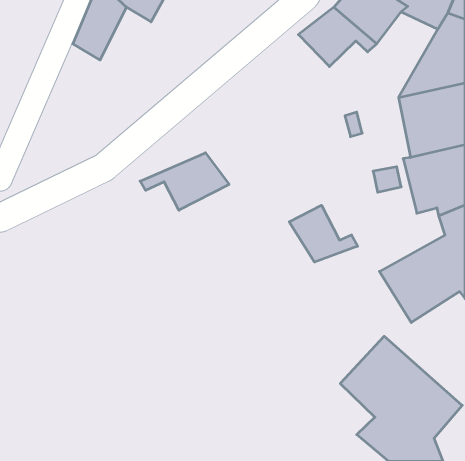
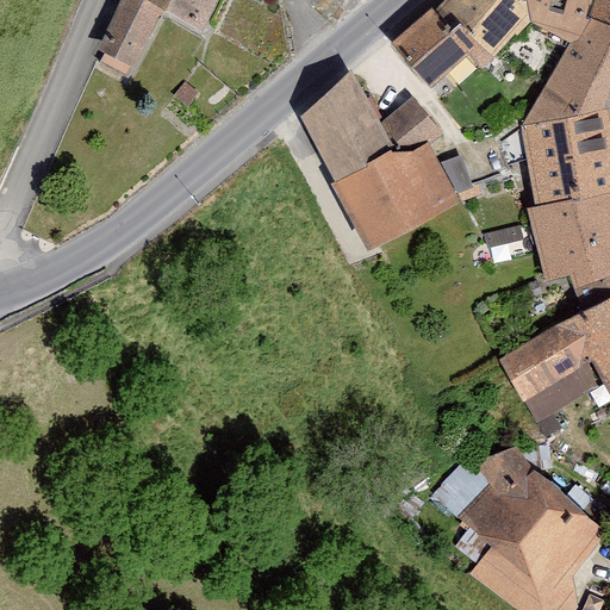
building: none -> [304,71,461,248]
building: [140,153,229,210] -> none
building: [289,205,358,262] -> none

